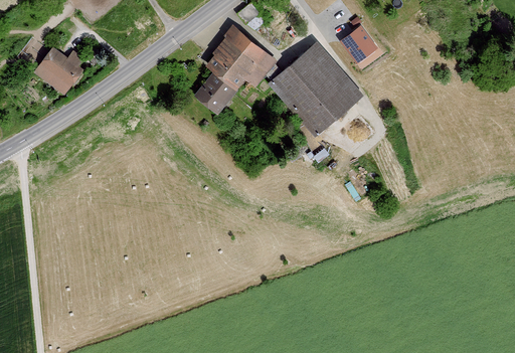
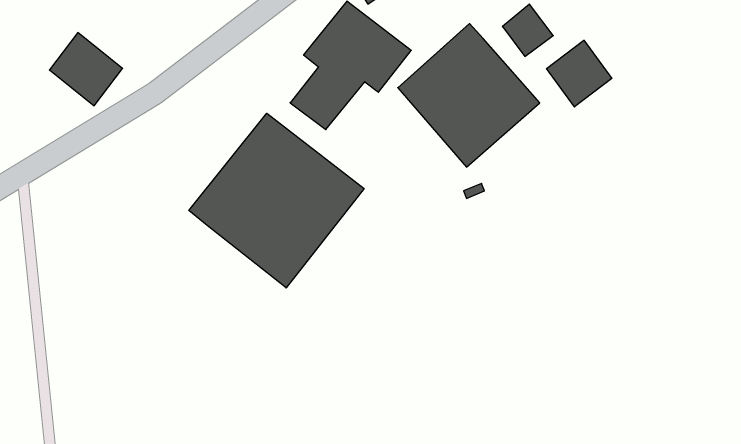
building: none -> [547,40,612,107]
building: none -> [189,113,364,288]

